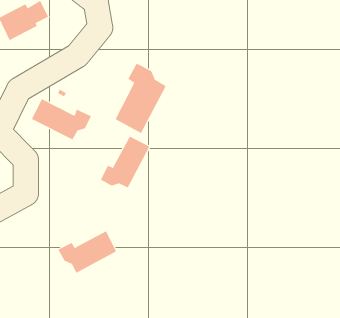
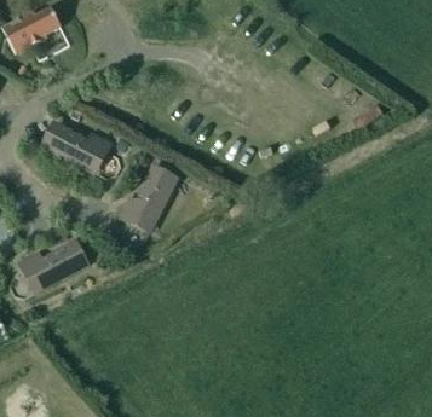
building: [115,63,166,134] -> none
building: [57,231,117,273] -> [19,239,88,289]

